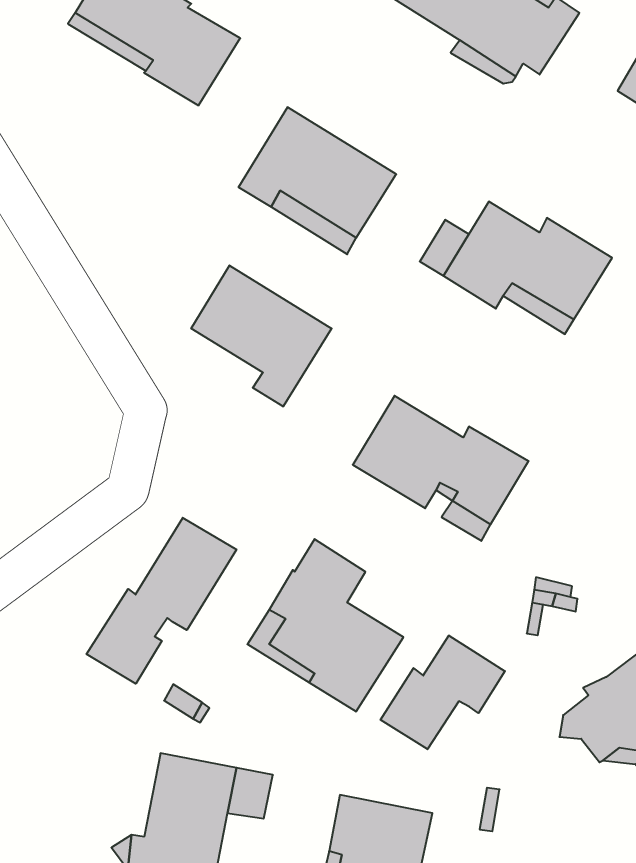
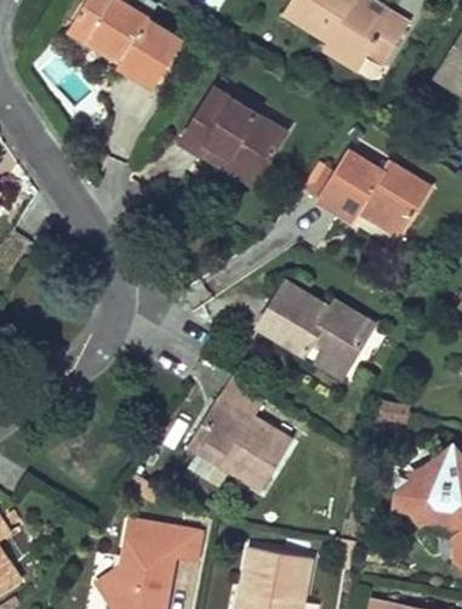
building: [191,265,332,407] -> none
building: [87,518,236,684] -> none
building: [381,635,505,749] -> none

